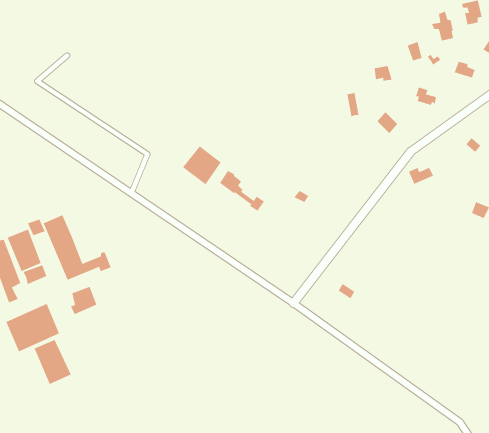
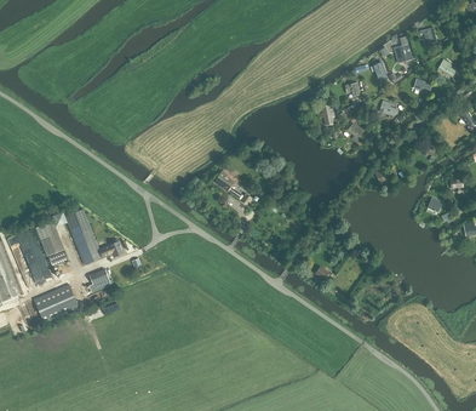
building: [182,145,221,185] -> none
building: [34,339,72,385] -> none

